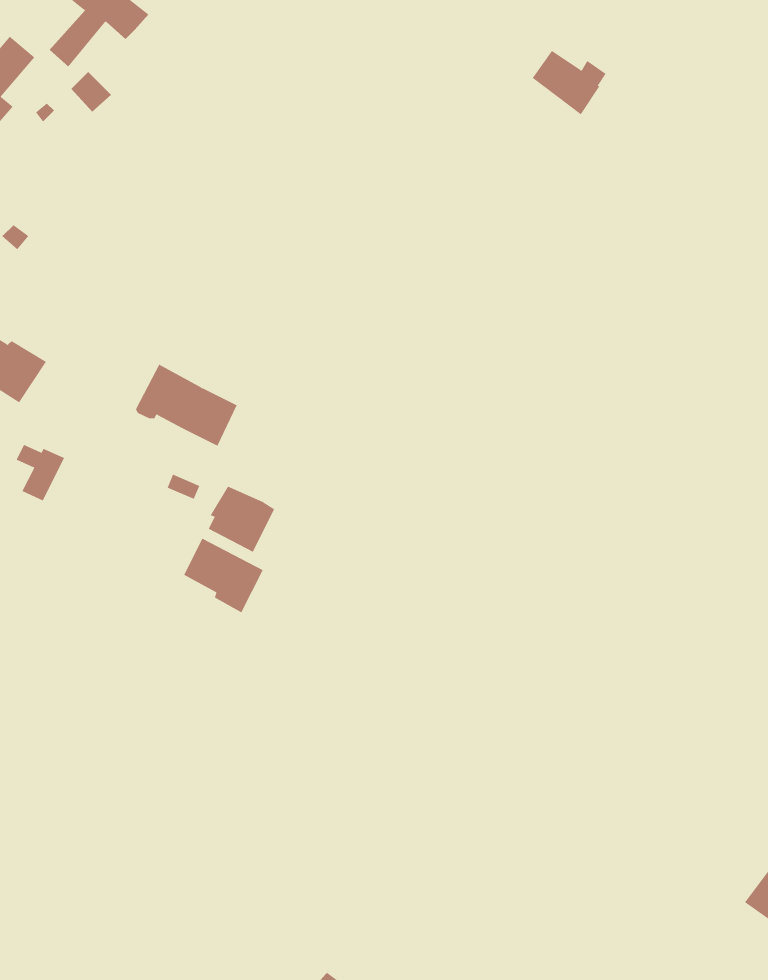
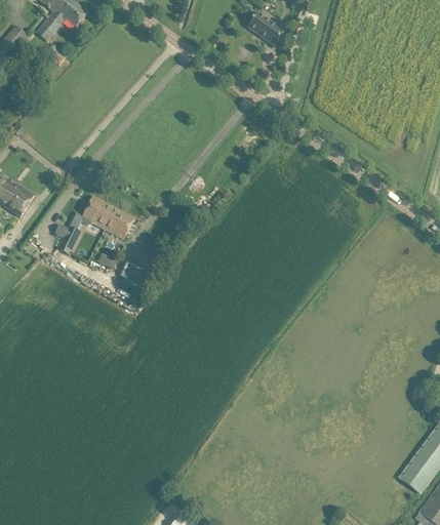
building: [532,50,607,115] -> [247,12,286,46]
building: [16,444,65,501] -> [54,225,80,254]
building: [183,538,263,613] -> none

